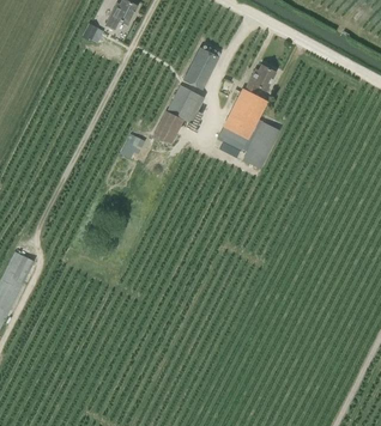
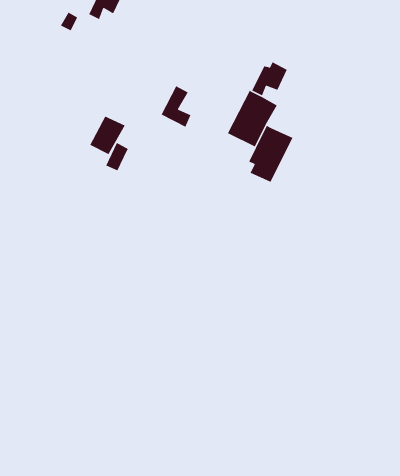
building: [183,48,218,89] -> none
building: [152,111,183,145] -> [89,115,126,155]

